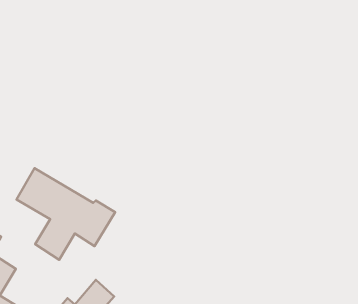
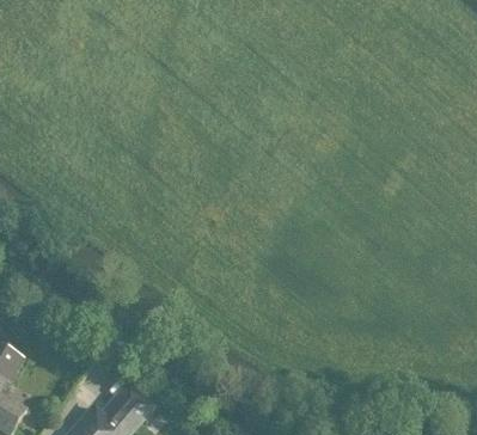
building: [16,168,115,260] -> none

